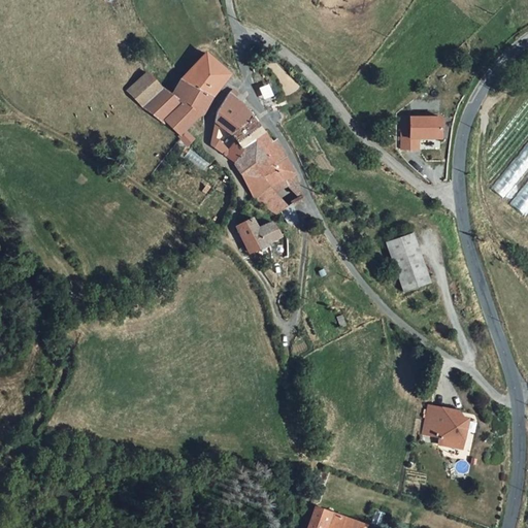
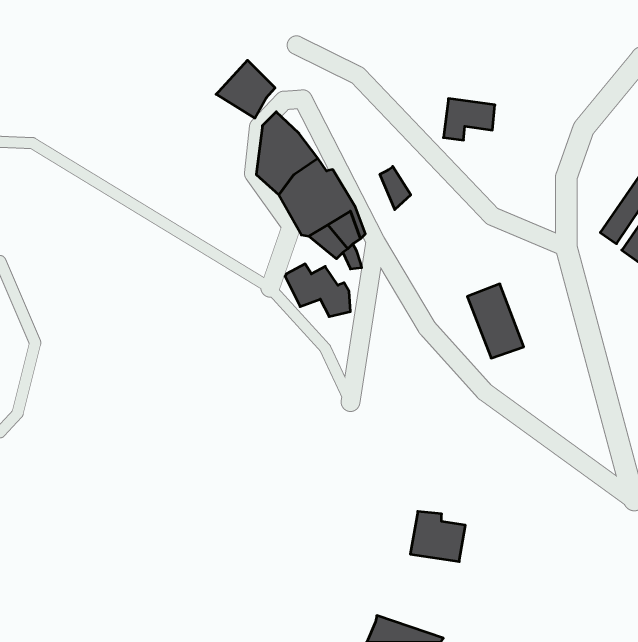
building: [131,74,212,144] -> none
building: [394,117,436,151] -> [443,99,495,140]
building: none -> [380,166,411,210]
building: [419,402,464,443] -> [410,511,465,562]

